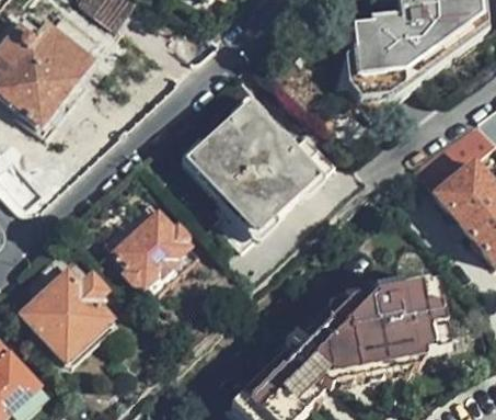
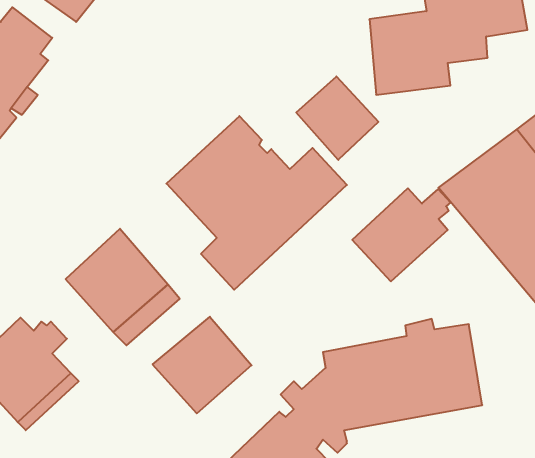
building: none -> [296,76,378,160]
building: none -> [352,188,451,281]
building: none -> [153,317,252,413]

